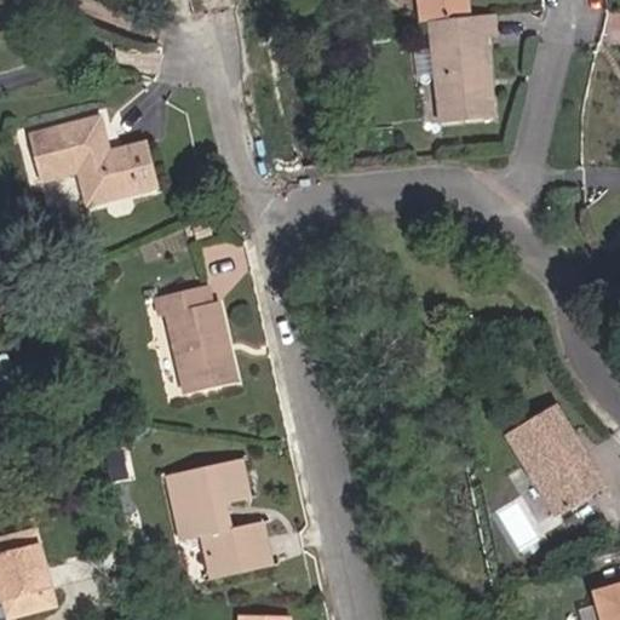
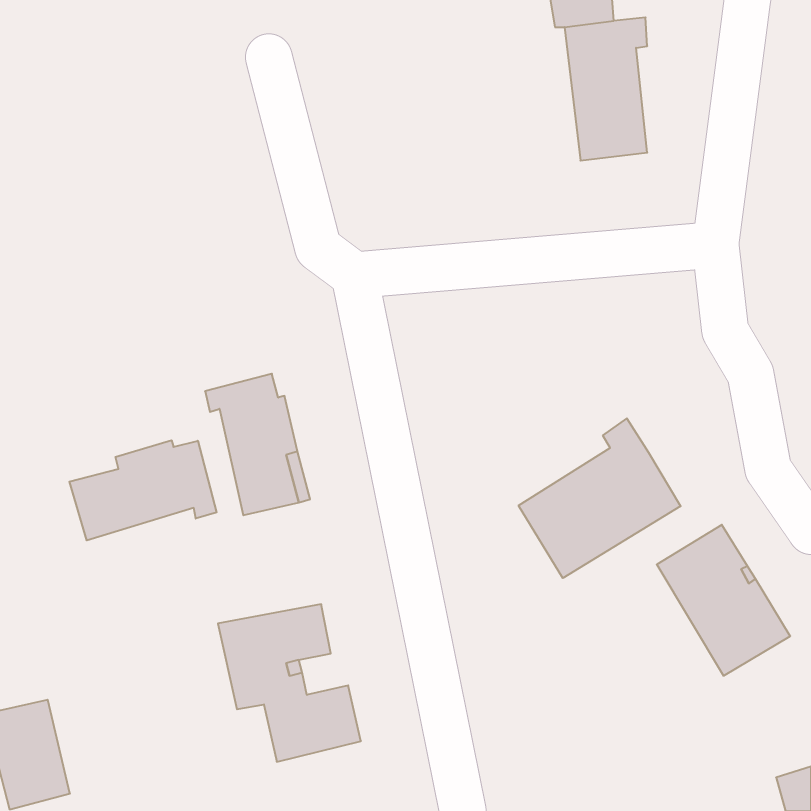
building: [23,117,151,207] -> none
building: none -> [519,418,681,578]
building: none -> [69,440,217,540]

